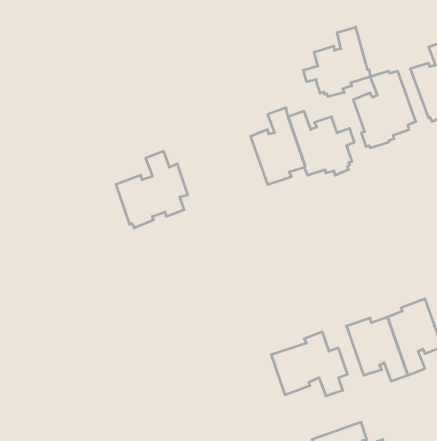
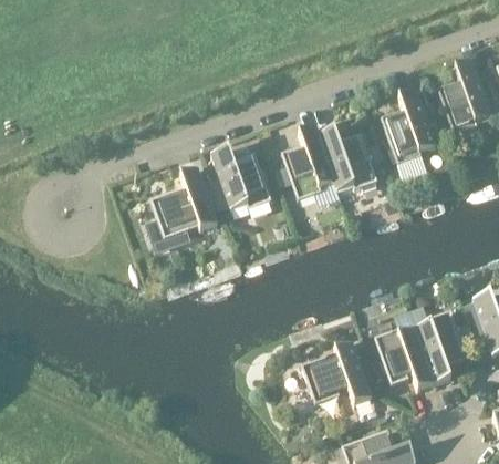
building: [303,27,370,97] -> none
building: none -> [210,147,271,209]

